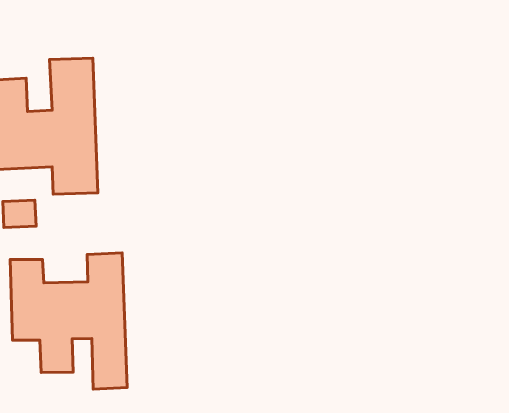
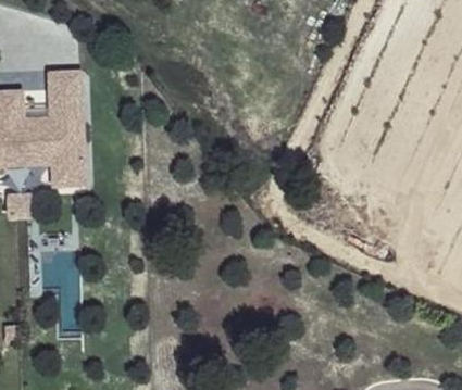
building: [10,253,127,389] -> none

